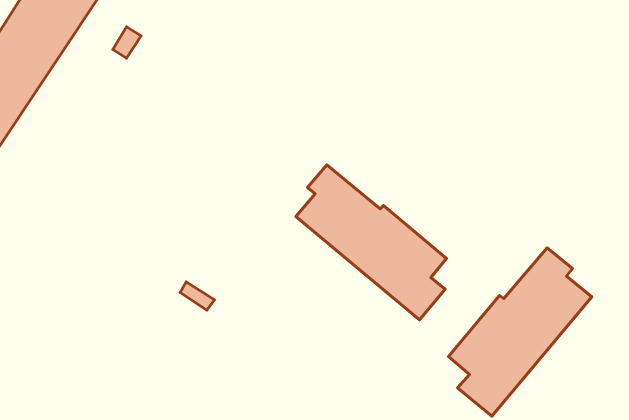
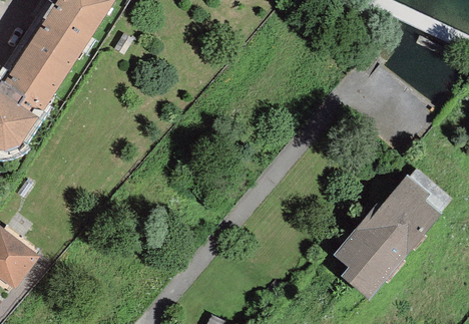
building: [296,165,446,320] -> none

